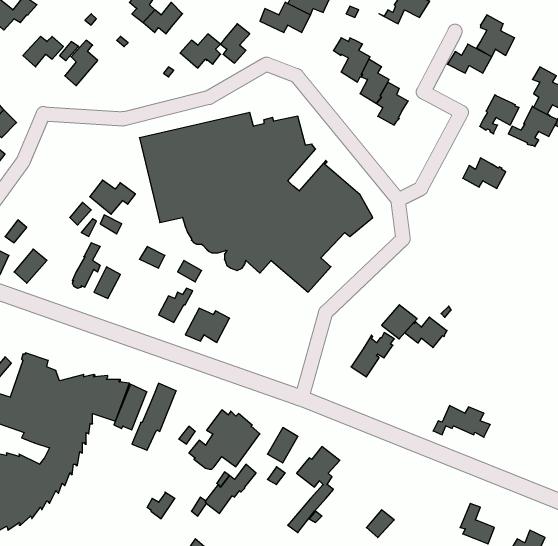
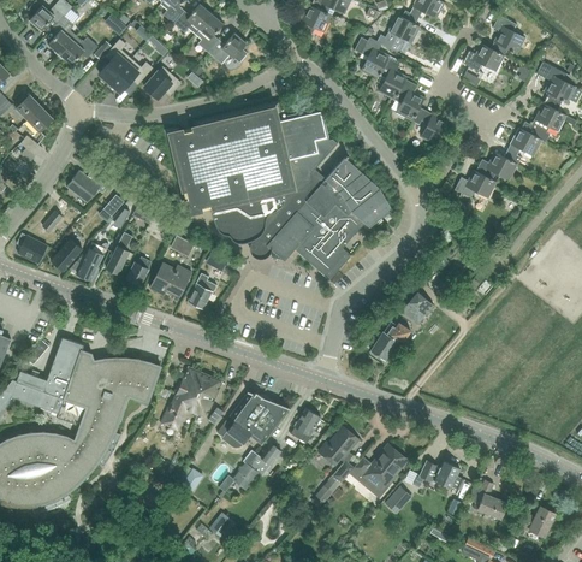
building: none -> [376,14,420,48]
building: none -> [48,16,76,54]
building: [221,24,250,63] -> [195,14,222,52]
building: none -> [109,59,152,93]
building: none -> [144,66,180,99]
building: [480,95,519,134] -> [504,128,541,165]
building: none -> [411,107,449,146]
building: none -> [455,170,497,199]
building: [90,180,135,214] -> [66,170,109,202]
building: none -> [77,241,109,280]
building: [185,308,230,342] -> [149,262,191,295]
building: [405,317,447,348] -> none
building: [114,384,147,430] -> [189,373,220,416]
building: [433,406,490,437] -> [411,460,465,490]
building: none -> [354,445,405,498]

